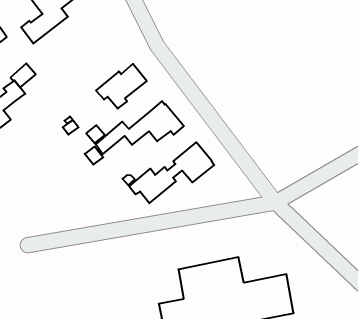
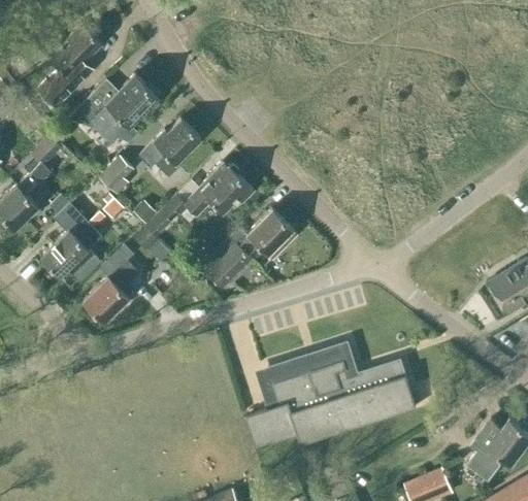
building: none -> [75,74,158,141]
building: none -> [99,155,135,195]
building: none -> [40,202,101,281]
building: none -> [82,244,139,322]

